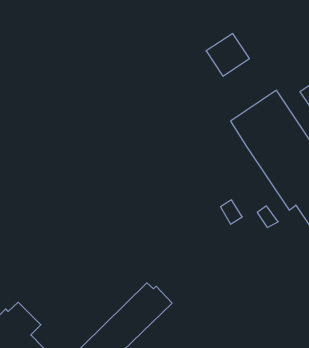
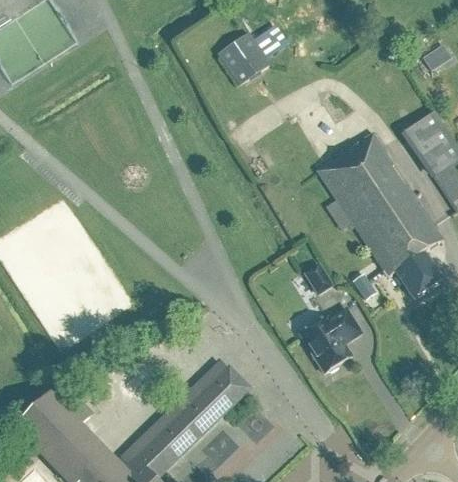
building: [206,33,249,76] -> [220,35,272,86]
building: none -> [301,309,363,373]

